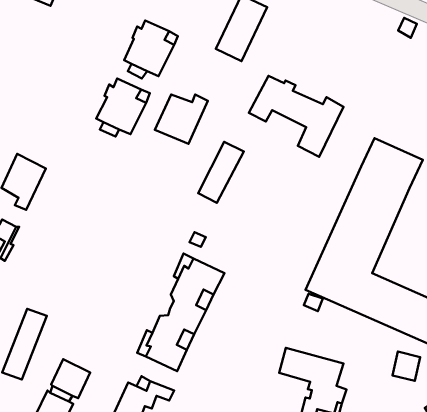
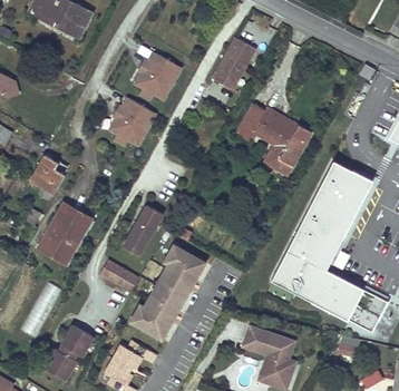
building: [155,95,208,144] -> none
building: [198,142,244,203] -> [124,205,163,254]
building: none -> [37,204,91,265]
building: none -> [99,260,140,292]

